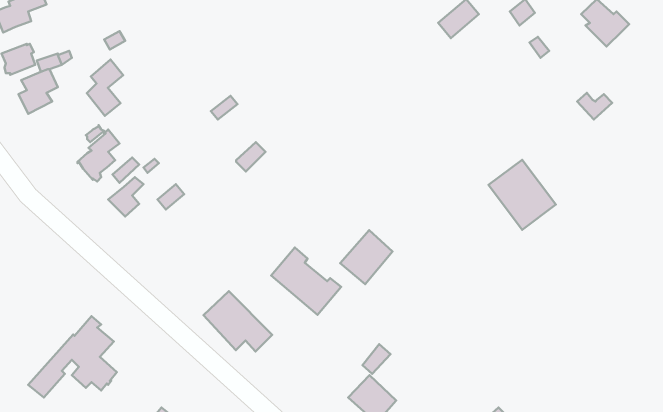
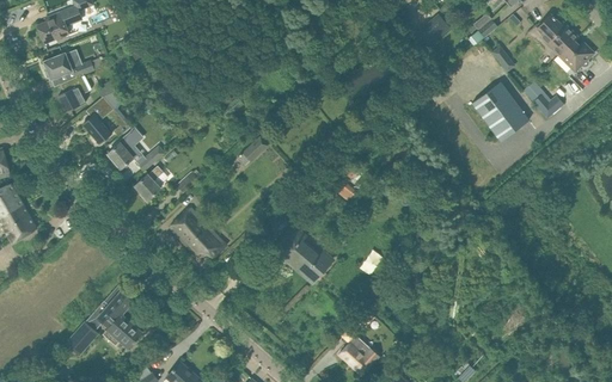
building: none -> [558,41,593,72]
building: [87,60,123,116] -> [82,96,114,143]
building: [488,160,556,230] -> [472,81,530,141]
building: [340,230,392,284] -> none
building: [203,291,272,352] -> [169,207,227,258]

